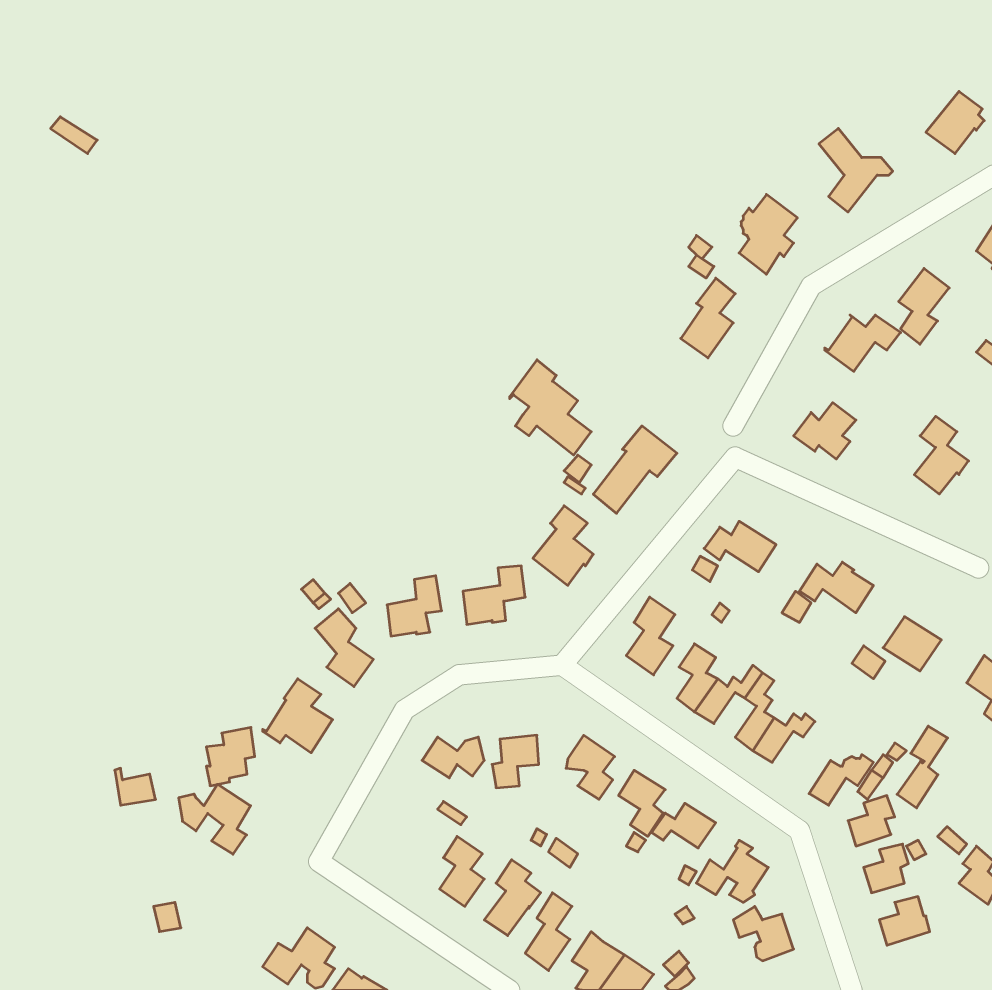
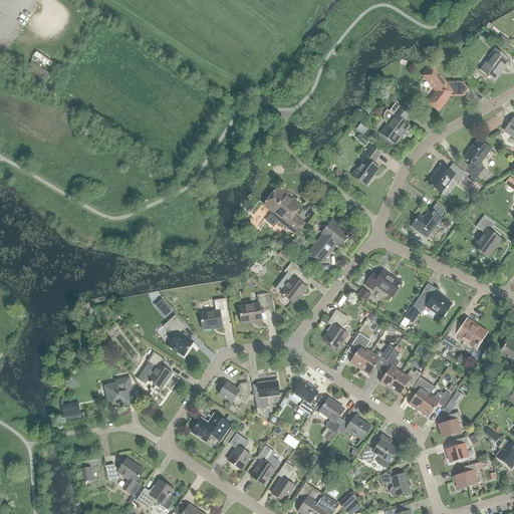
building: [897,726,948,808] -> [409,367,435,410]
building: [179,784,251,854] -> [106,458,144,494]
building: none -> [192,413,232,441]

